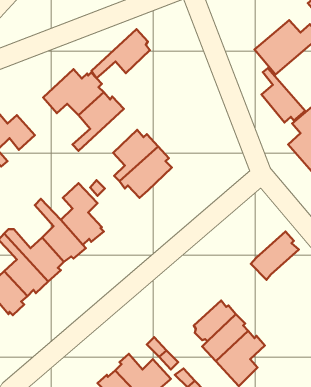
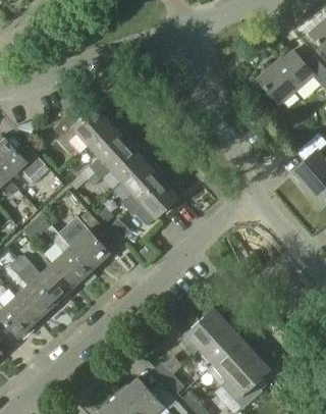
building: [91,29,150,78] -> [88,138,145,186]
building: [261,68,305,122] -> none
building: [251,232,299,280] -> [179,307,226,354]

